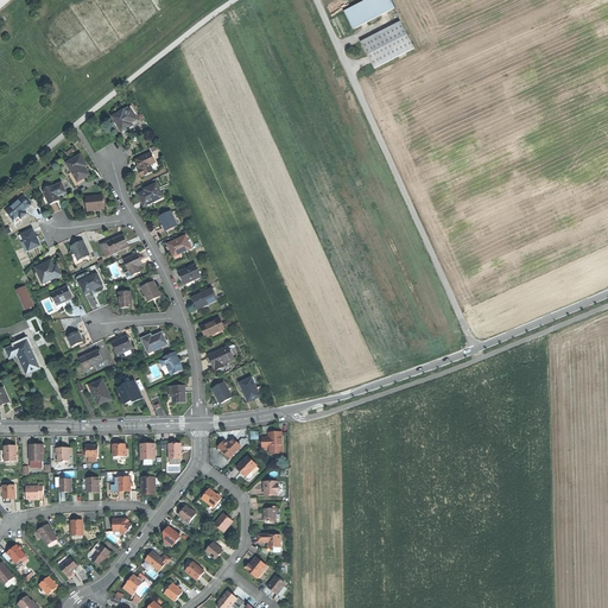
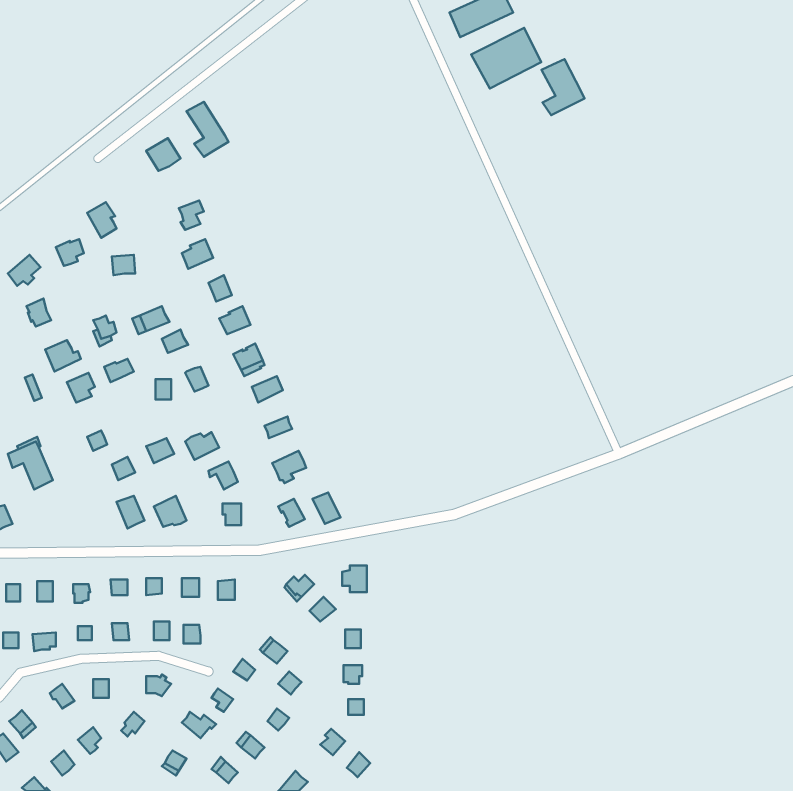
building: none -> [541,59,584,115]
building: none -> [186,102,229,157]

